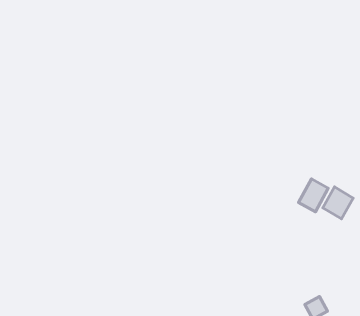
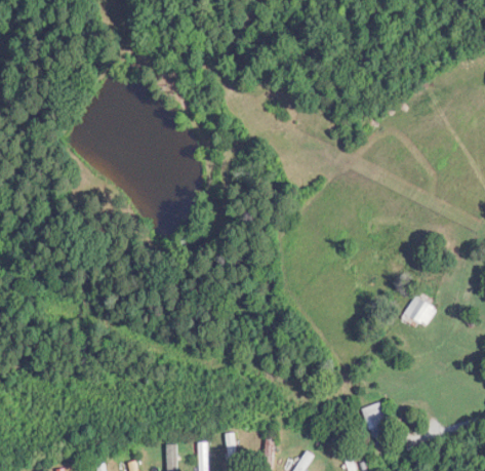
building: [299,179,328,212] -> none

